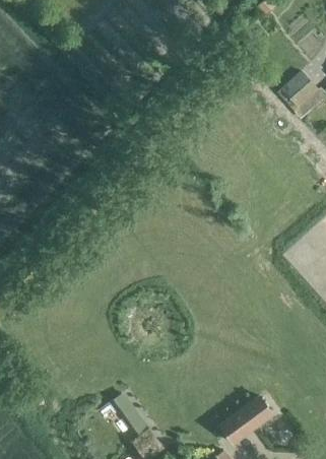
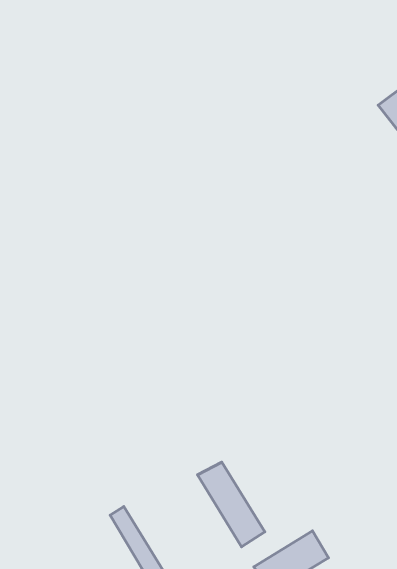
building: none -> [197,462,265,547]

